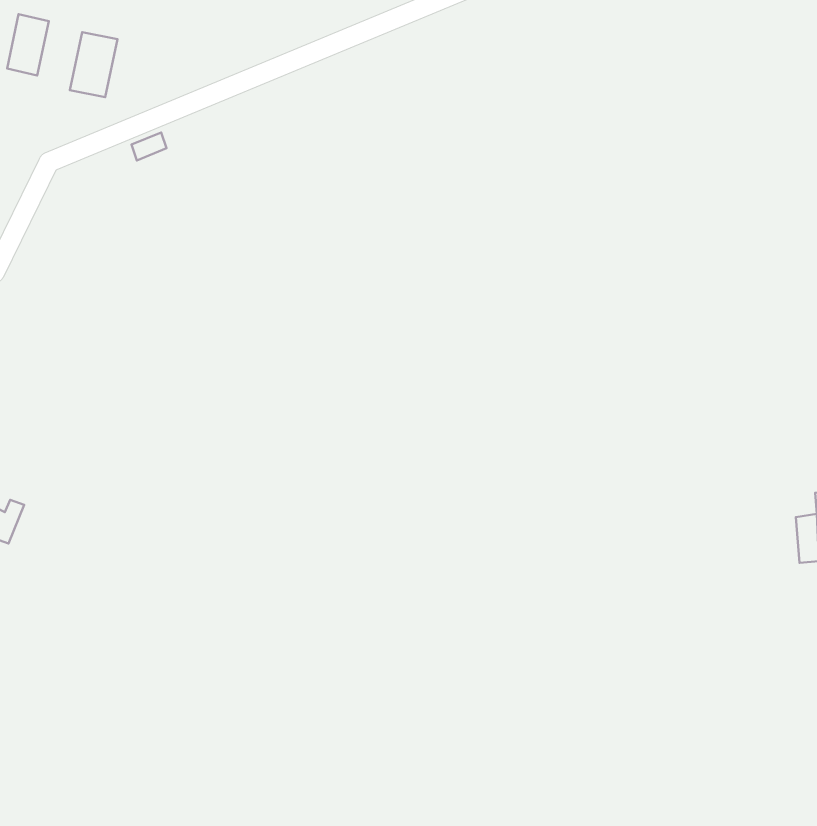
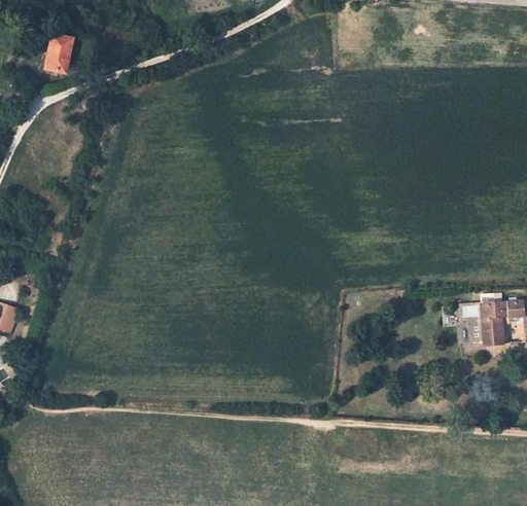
building: [7,14,49,75] -> none

